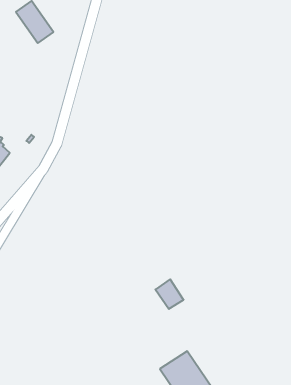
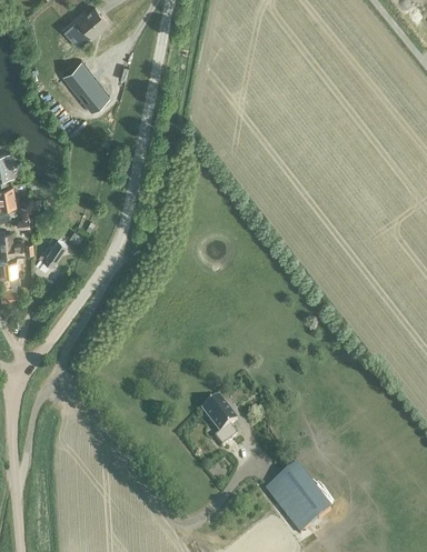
building: [155,279,184,309] -> [201,397,236,432]

